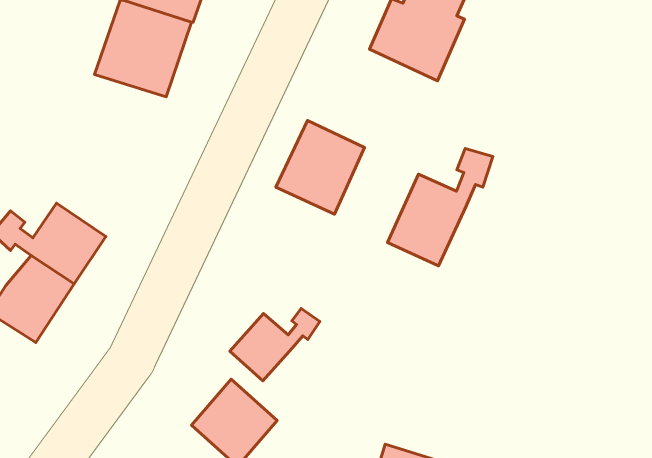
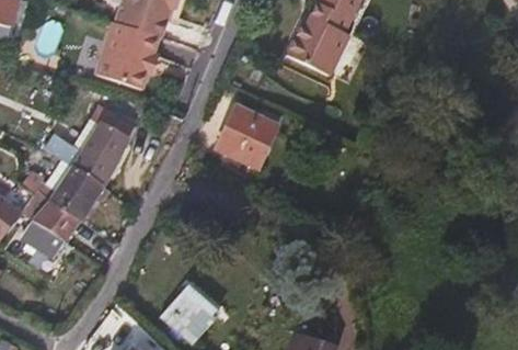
building: none -> [45,106,134,187]
building: [388,149,493,266] -> none
building: [230,309,320,381] -> none

